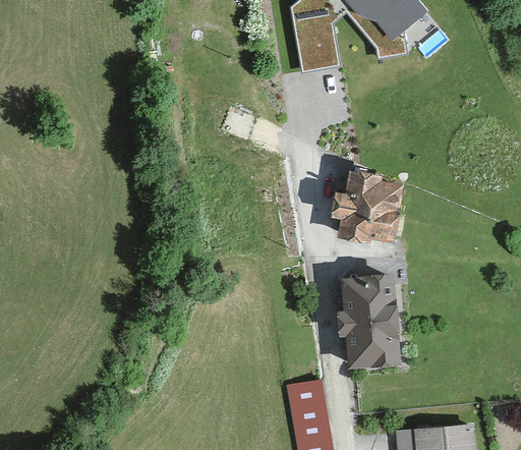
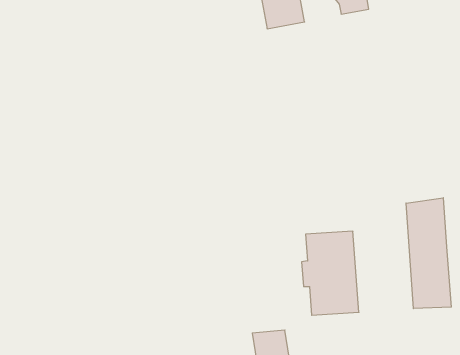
building: [328,171,400,240] -> none
building: none -> [406,198,451,309]

